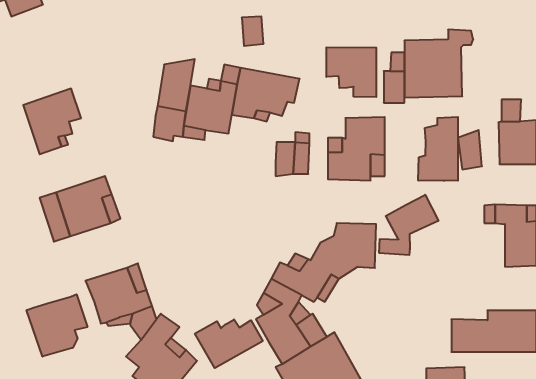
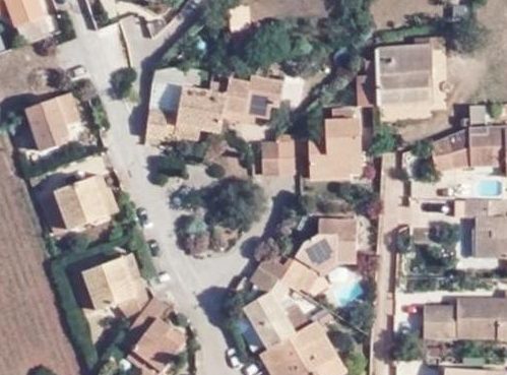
building: [326,47,376,97] -> none
building: [418,117,458,181] -> none
building: [379,195,438,255] -> none
building: [27,294,87,357] -> none
building: [195,319,263,368] -> none

